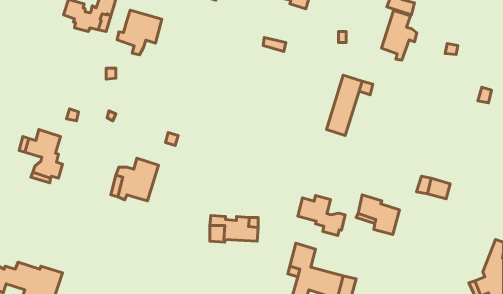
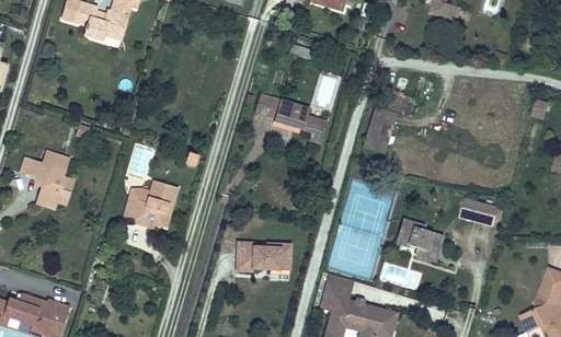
building: [117,10,162,55] -> none
building: [381,11,417,60] -> none
building: none -> [263,96,323,142]
building: [298,195,345,236] -> none

